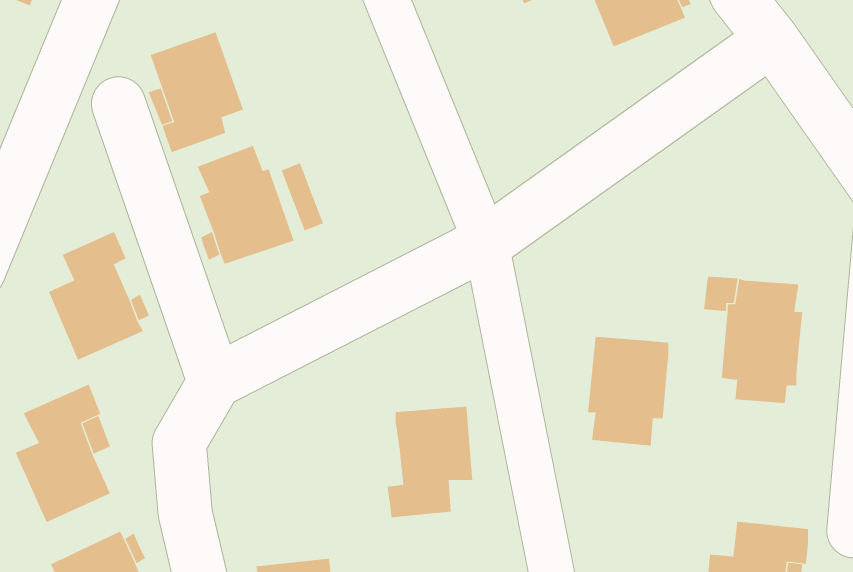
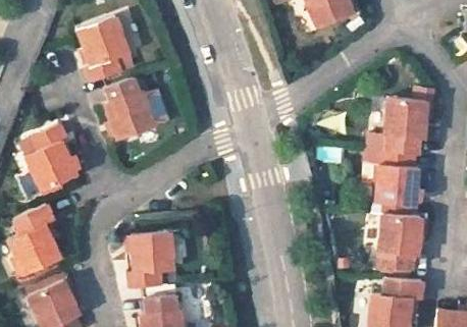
building: none -> [388,96,430,152]
building: [587,336,669,446] -> [378,212,421,269]
building: [387,406,473,518] -> [126,231,171,289]

